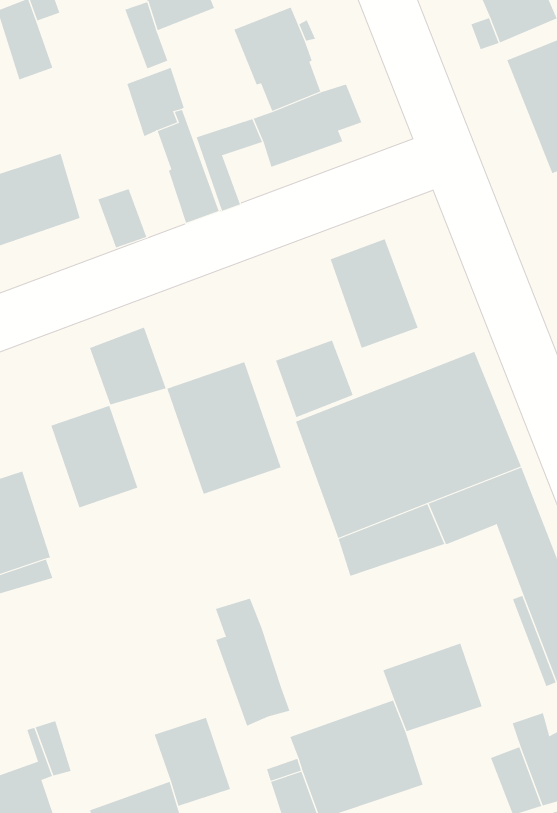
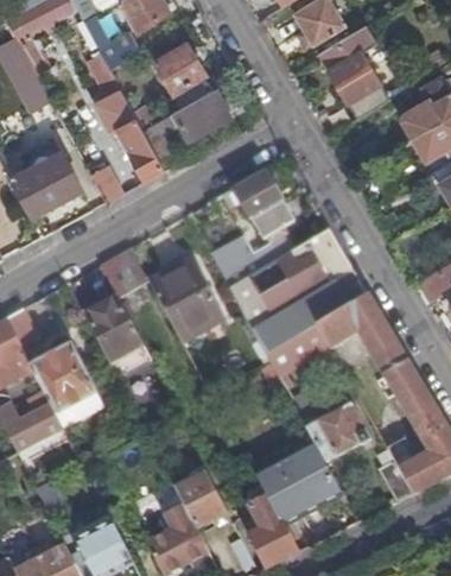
building: [215,598,290,726] -> none

